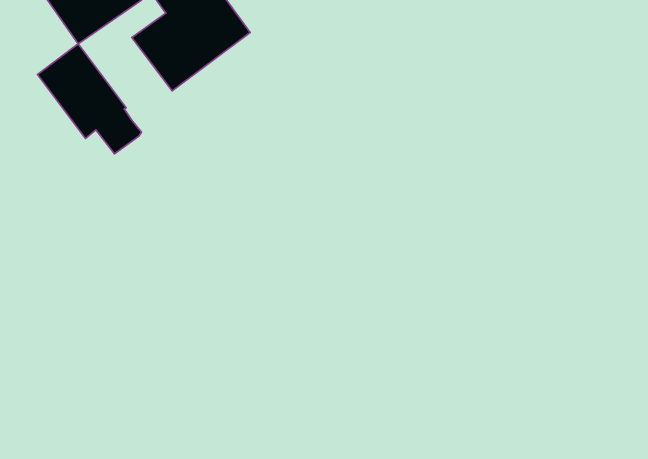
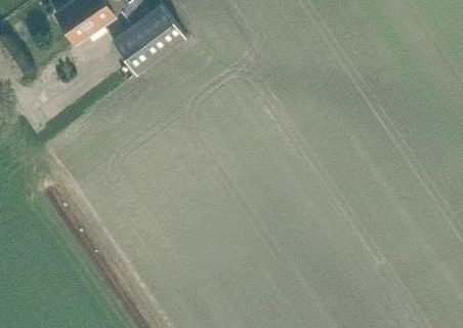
building: [37,44,141,154] -> none

